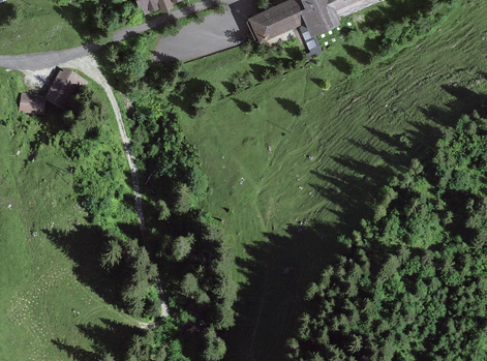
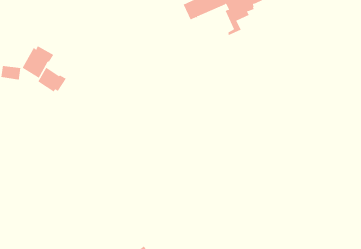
building: none -> [37,67,66,92]

